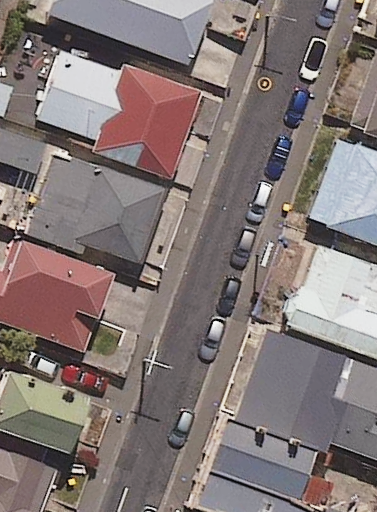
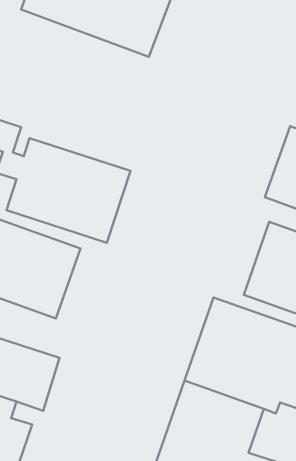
building: [38,45,200,175] -> none

